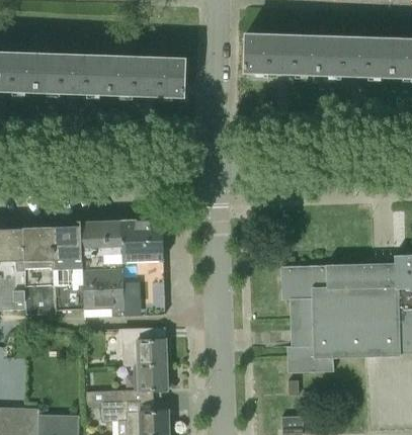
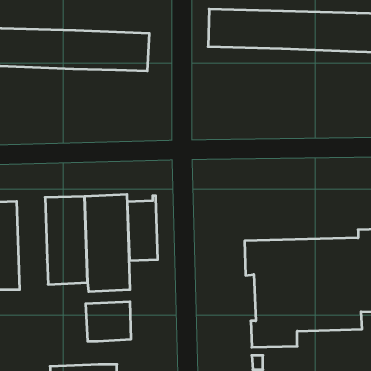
building: [53,221,83,285] -> [127,196,158,261]
building: [134,364,168,389] -> none

